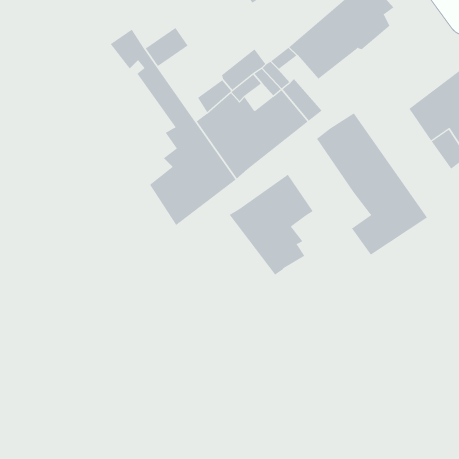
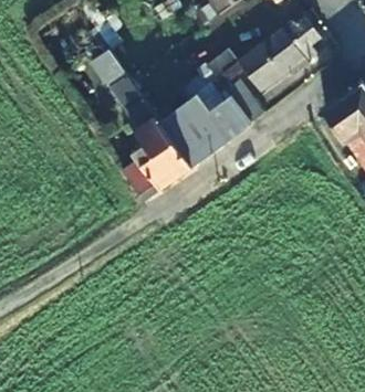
building: [316,113,428,256] -> none
building: [229,174,313,276] -> none

